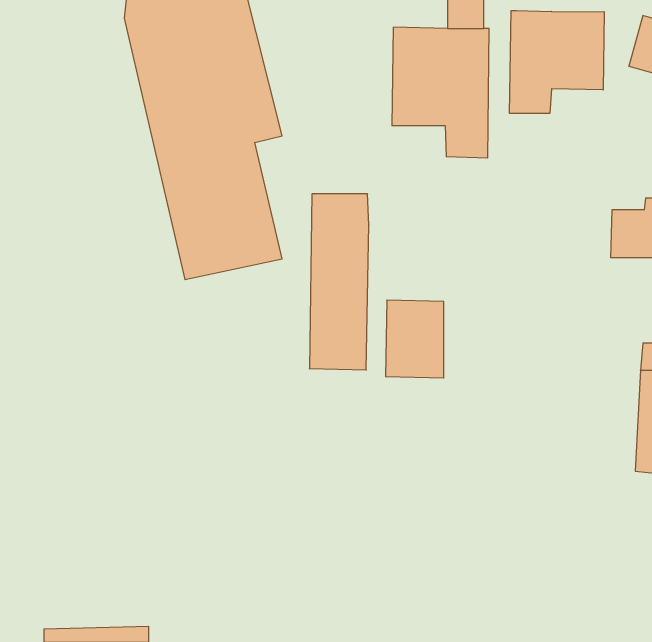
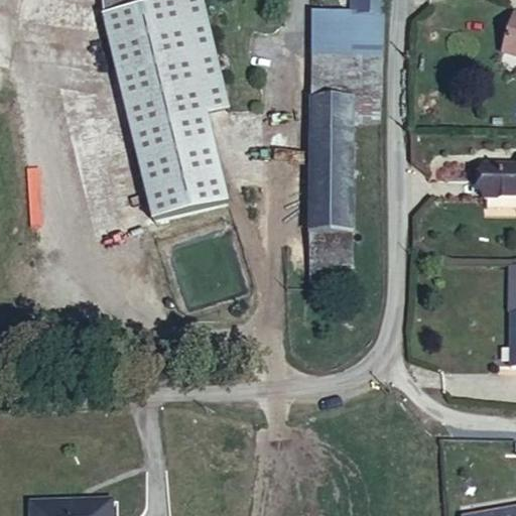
building: [510,11,604,113] -> none
building: [309,194,369,370] -> [308,98,355,235]

